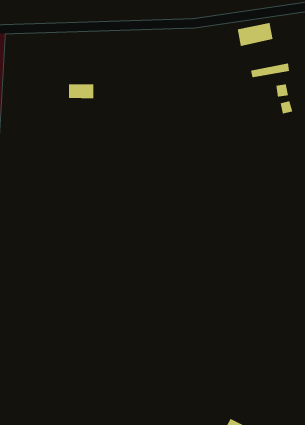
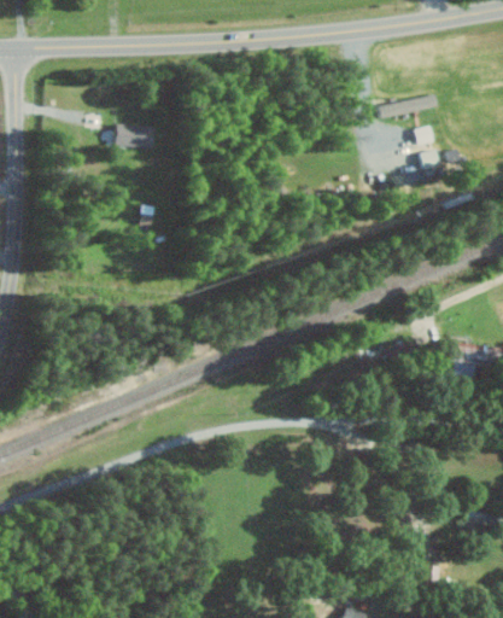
building: [237,22,273,47] -> none

